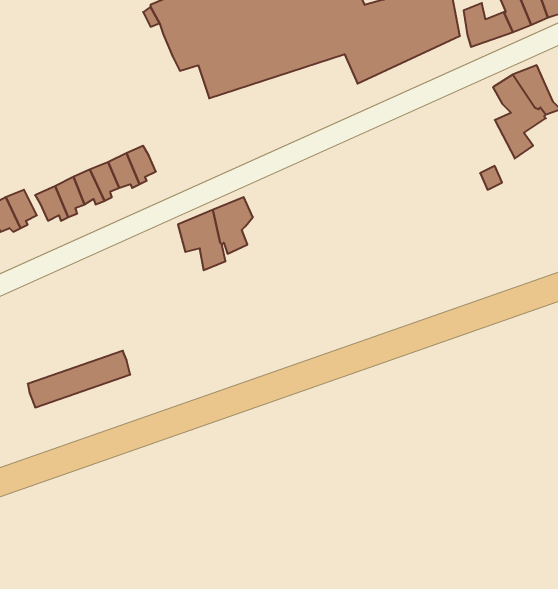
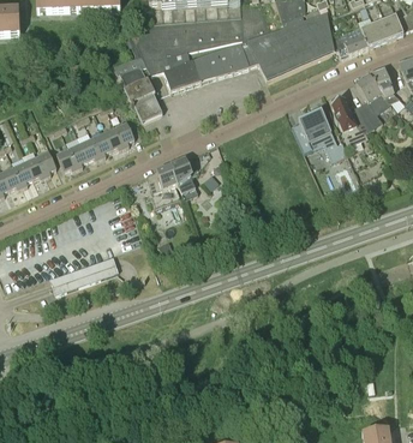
building: none -> [119,62,161,119]
building: none -> [331,97,370,133]
building: none -> [292,108,347,161]

